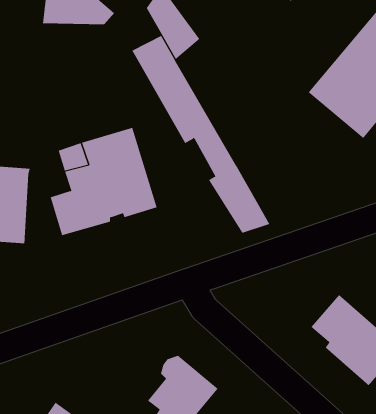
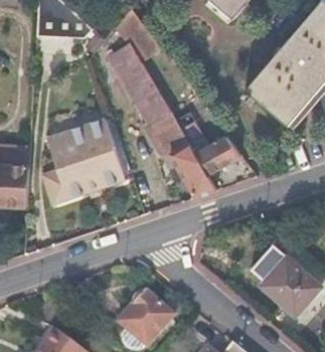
building: none -> [191,135,240,174]

